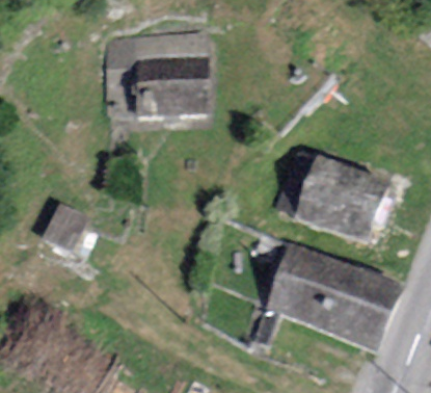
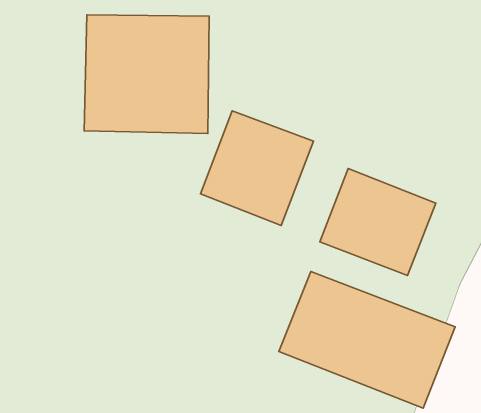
building: none -> [201,111,314,225]

